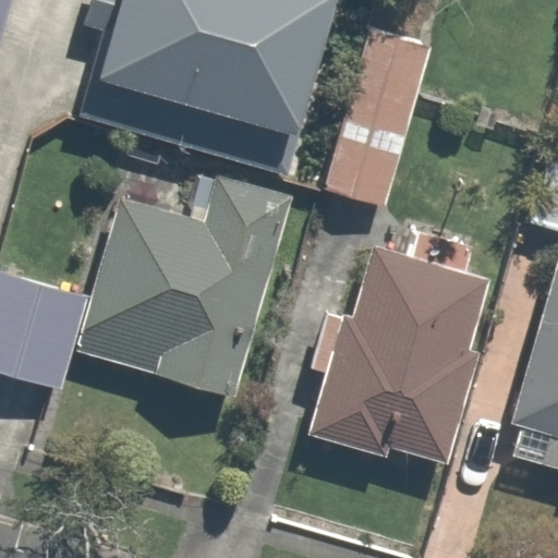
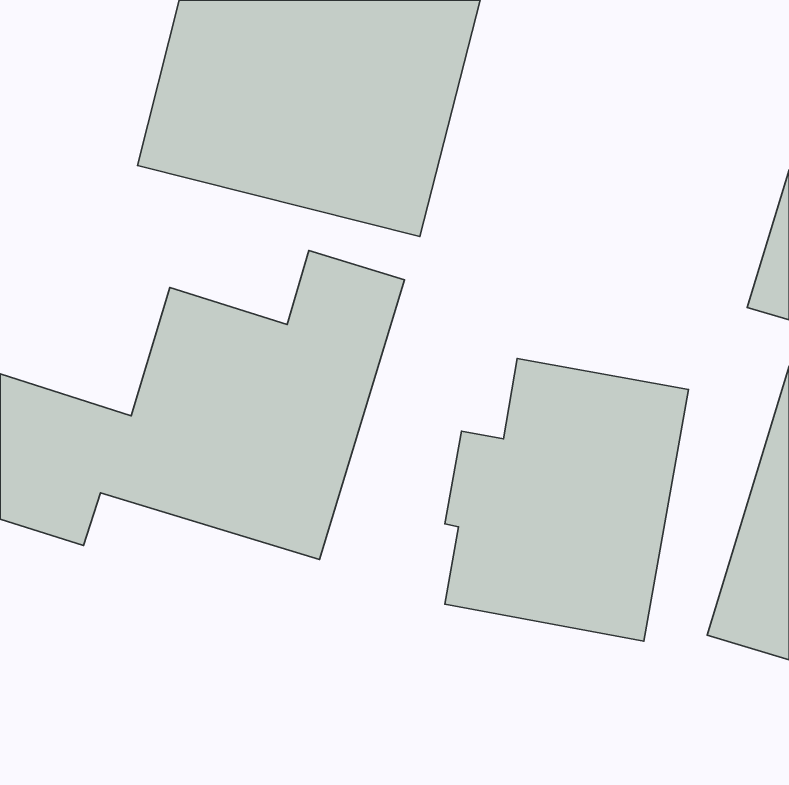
building: [324,25,433,202] -> none

